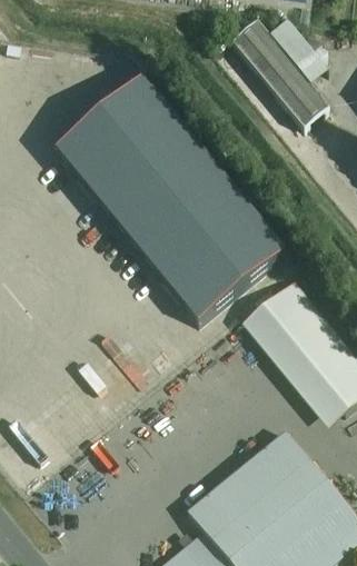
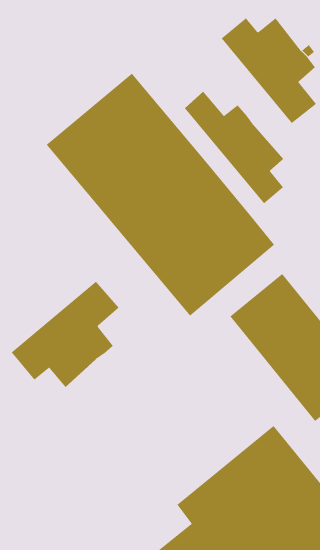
building: none -> [184,91,284,204]
building: none -> [11,281,120,388]

